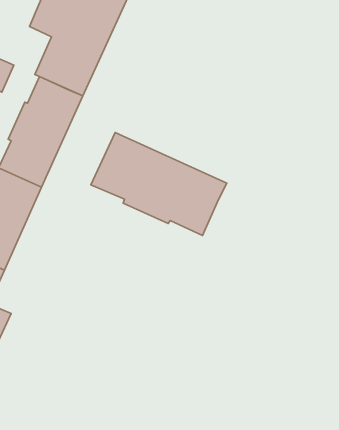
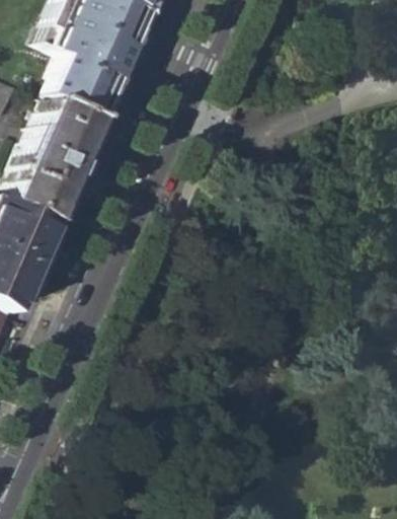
building: [91,132,227,236] -> none

